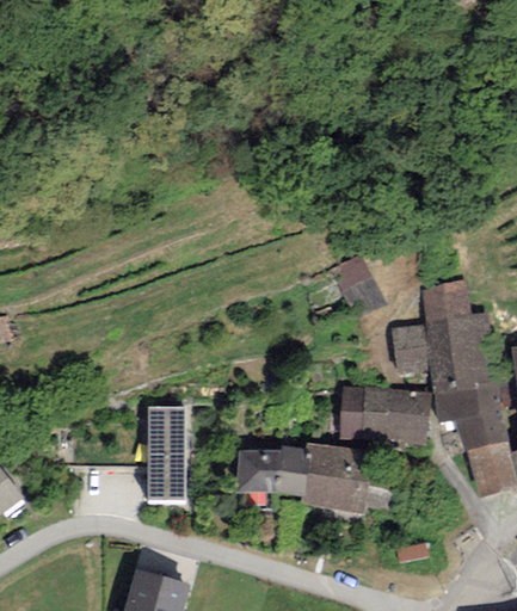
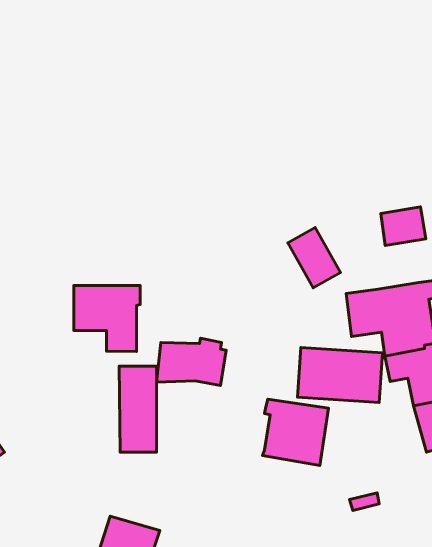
building: [423,280,472,322] -> [381,207,426,245]
building: none -> [74,285,140,352]
building: [235,445,310,496] -> [157,338,226,385]

